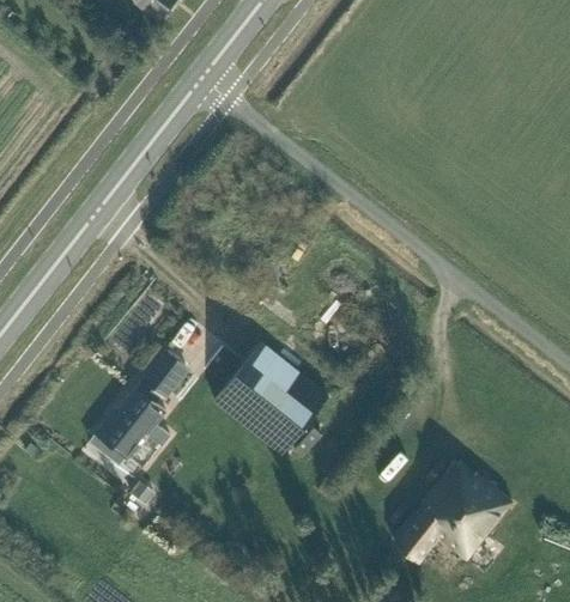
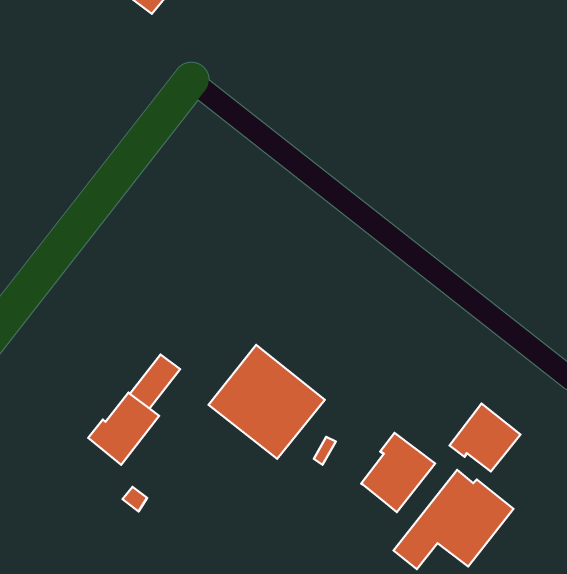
building: none -> [449,403,521,472]
building: none -> [361,433,435,512]

